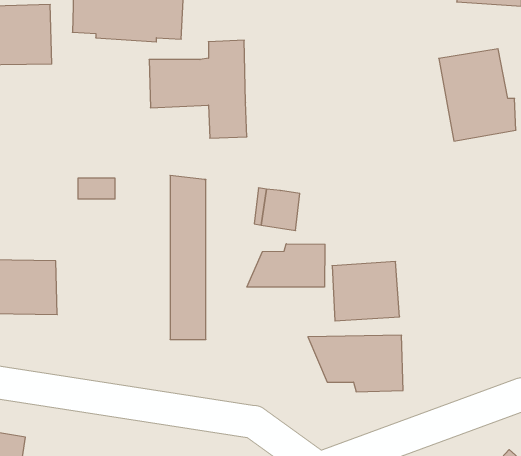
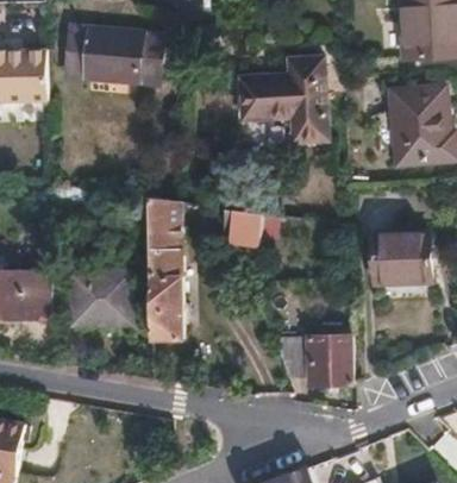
building: [149,40,247,138] -> [242,59,326,144]
building: [247,244,325,287] -> none
building: none -> [74,271,129,320]
building: [332,262,400,321] -> [375,233,433,284]

